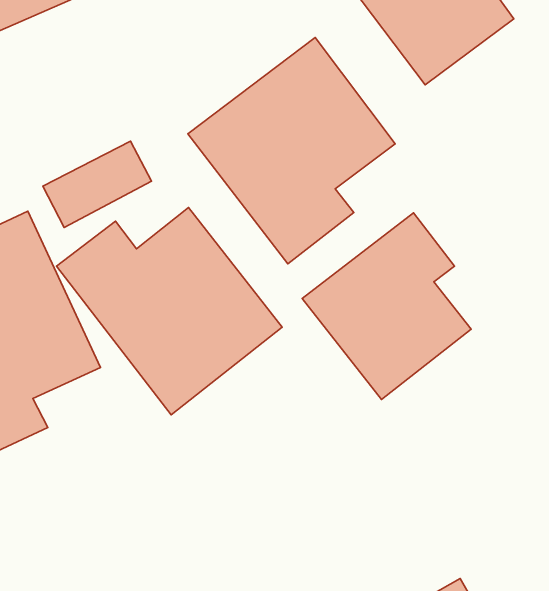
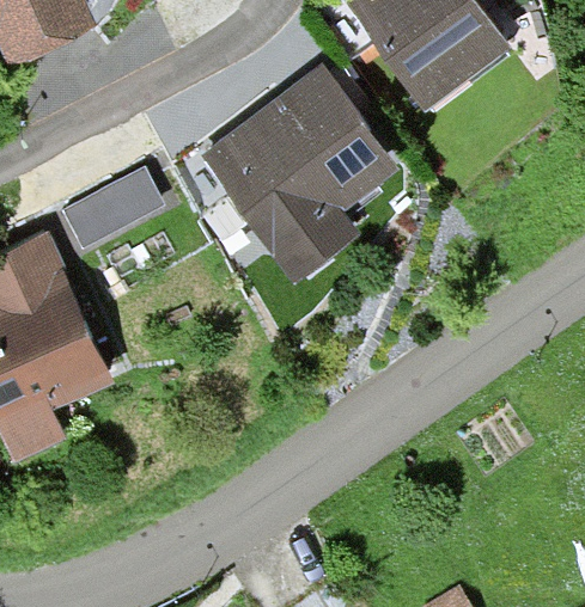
building: [57,207,282,415] -> none
building: [302,213,471,399] -> none

